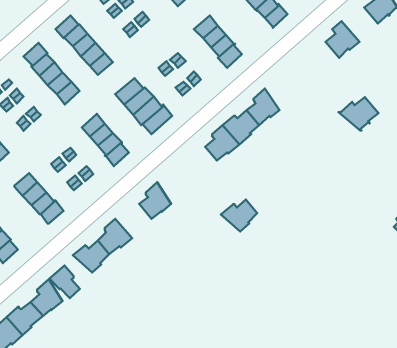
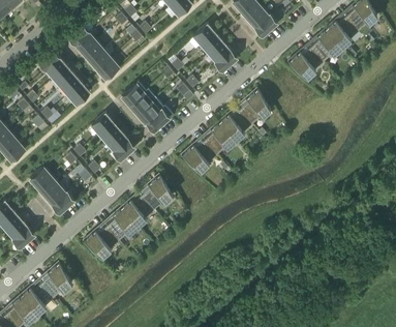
building: none -> [326,17,359,48]
building: [339,97,379,130] -> [287,48,324,78]
building: [221,200,257,232] -> [180,143,213,172]
building: none -> [121,195,154,226]
building: [49,265,80,298] -> none

